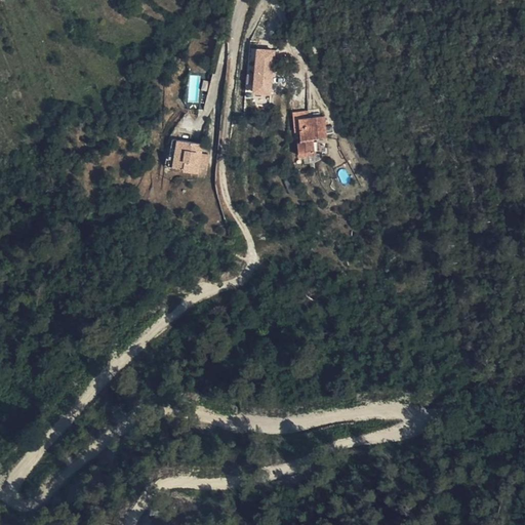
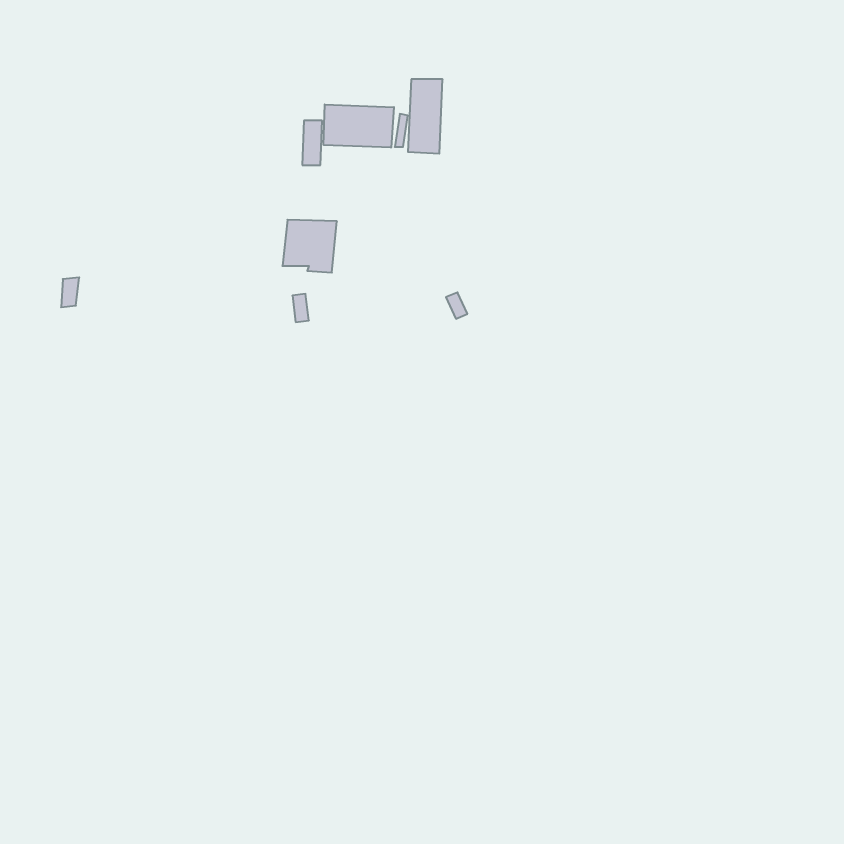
building: none -> [324,104,394,148]
building: [285,114,320,158] -> none

